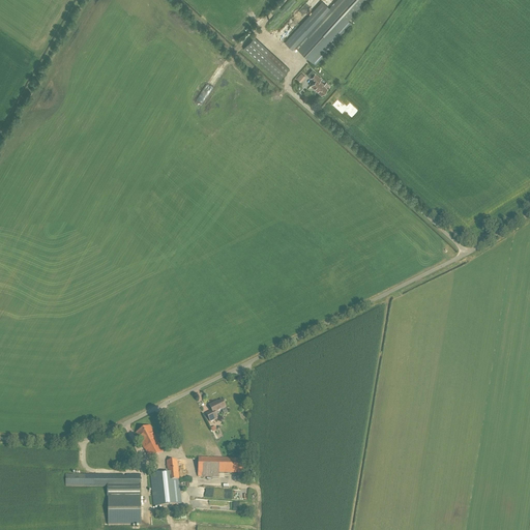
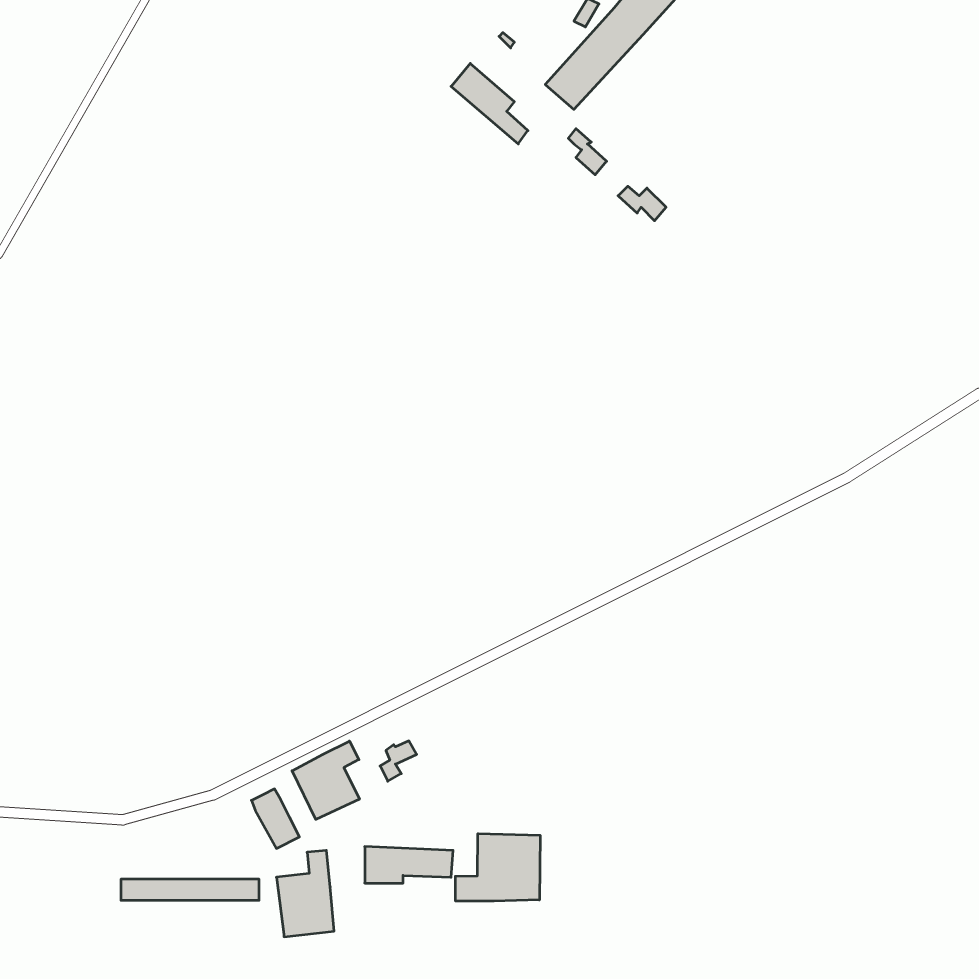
building: none -> [292,741,359,819]
building: none -> [455,834,540,901]
building: [108,494,140,524] -> none

